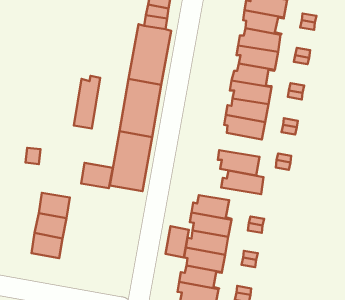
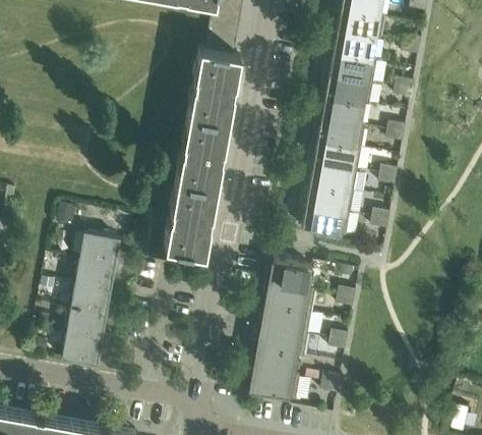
building: [74,76,100,129] -> none
building: [81,163,113,188] -> [79,236,119,268]
building: [221,170,264,194] -> [300,187,353,217]
building: [166,226,189,258] -> none
building: none -> [61,337,101,370]

